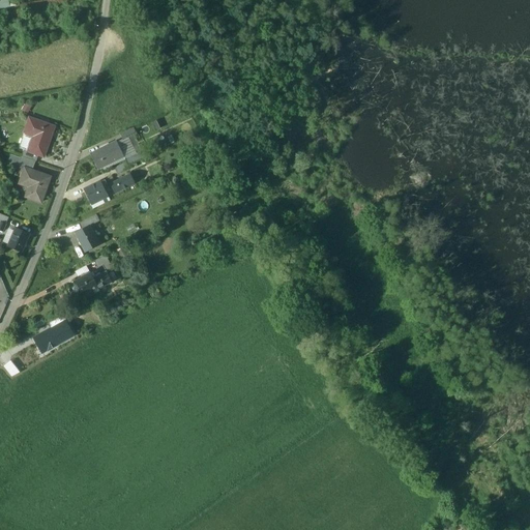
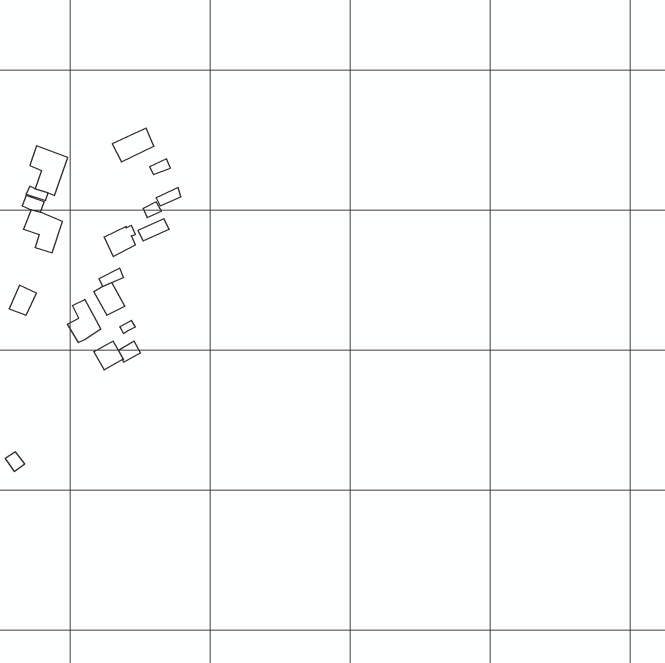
building: [90,141,123,168] -> [112,128,154,162]
building: none -> [67,299,101,343]
building: [34,320,72,351] -> none

